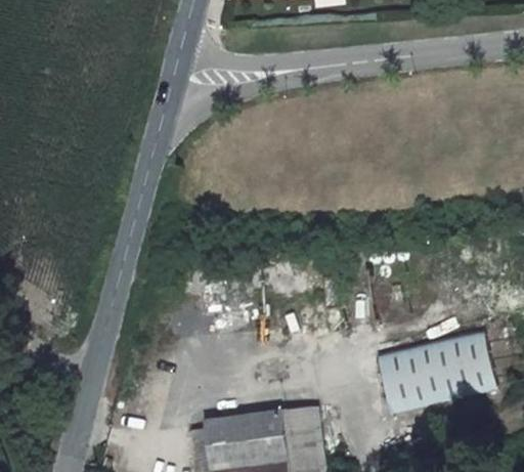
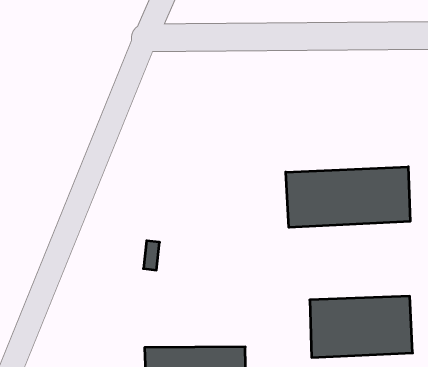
building: none -> [286,167,410,227]

